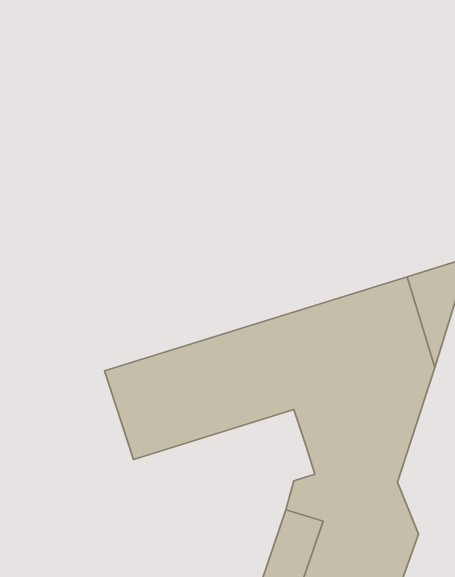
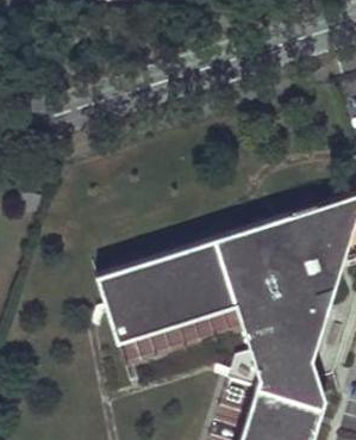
building: none -> [118,303,245,368]

